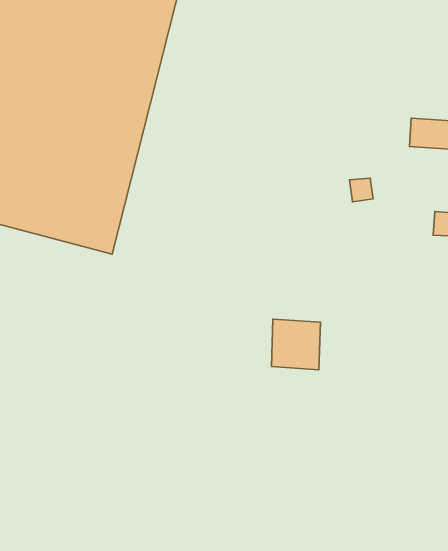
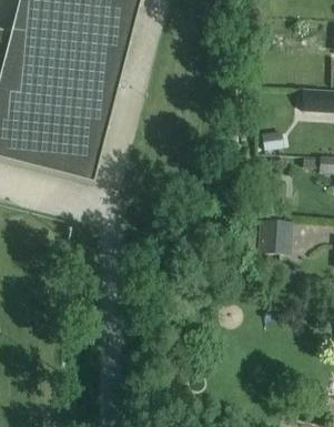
building: [271,319,320,370] -> [256,217,291,253]

